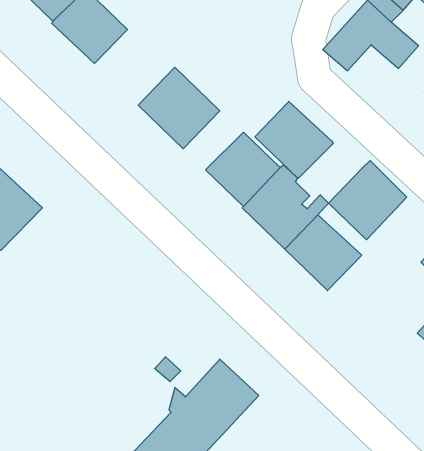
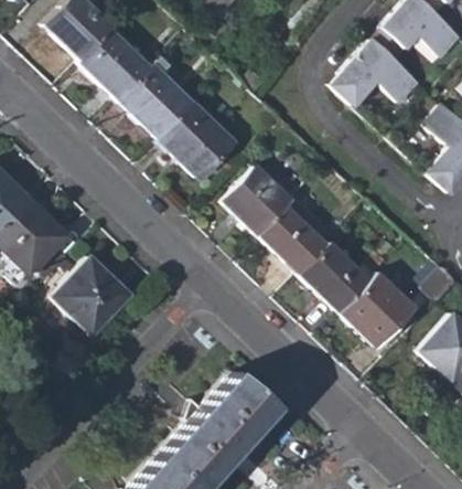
building: none -> [118,63,193,138]
building: [255,101,333,178] -> none
building: [329,161,407,240] -> [335,272,408,346]
building: none -> [52,256,129,333]

